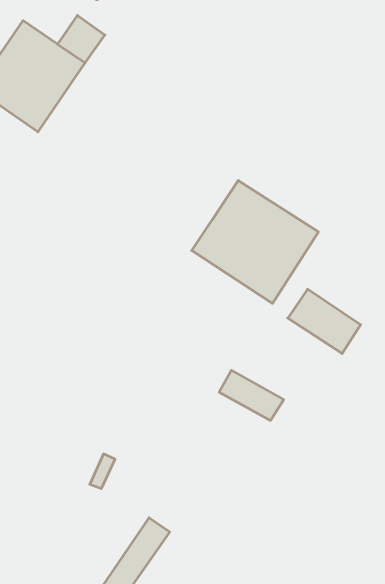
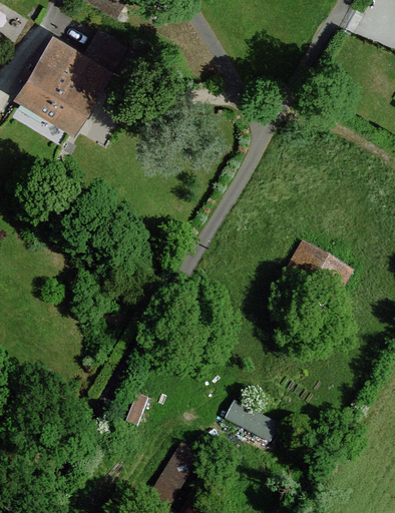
building: [192,180,318,303] -> none
building: [219,370,284,420] -> [228,403,282,443]

